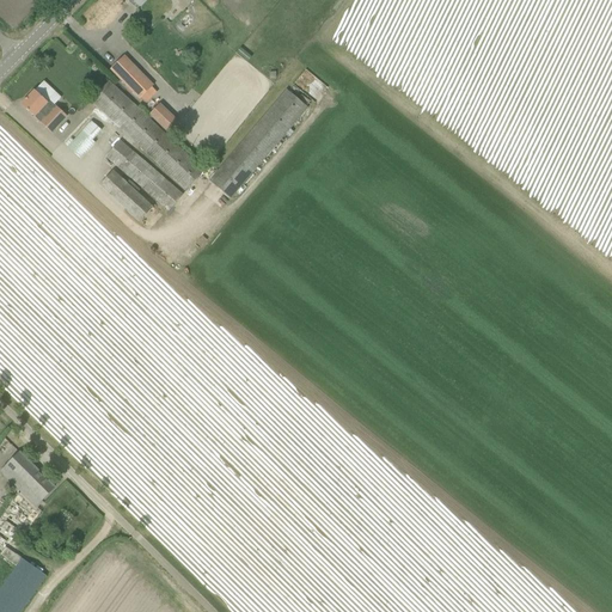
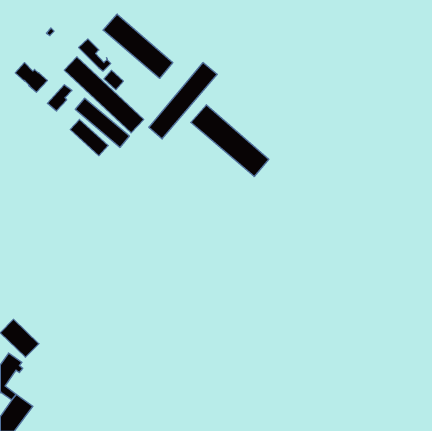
building: none -> [103,14,173,78]
building: none -> [191,105,269,177]

